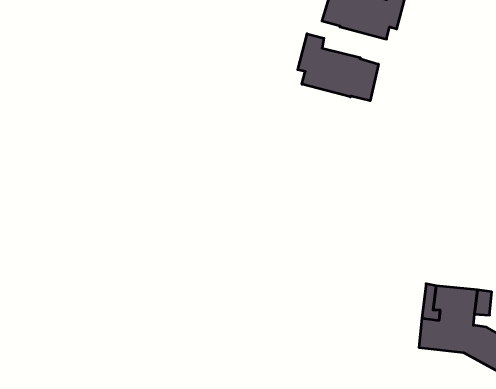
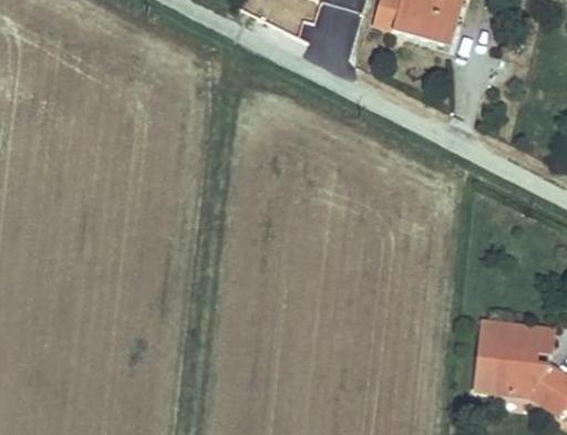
building: [298,34,378,101] -> none

